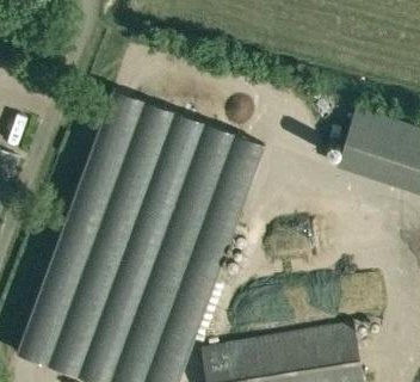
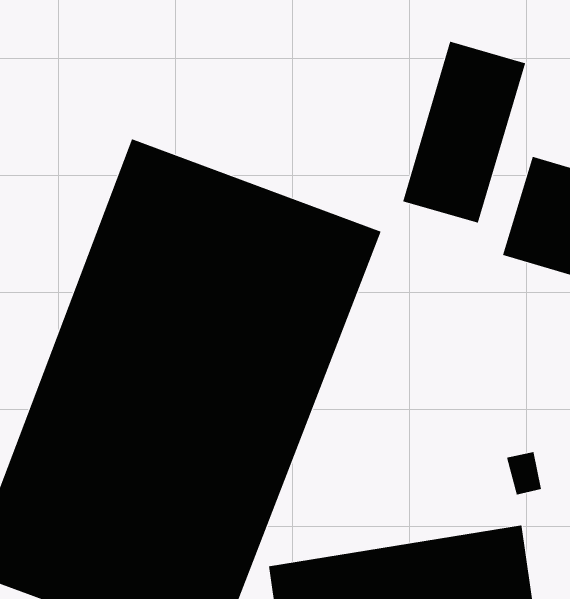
building: none -> [402,41,526,224]

